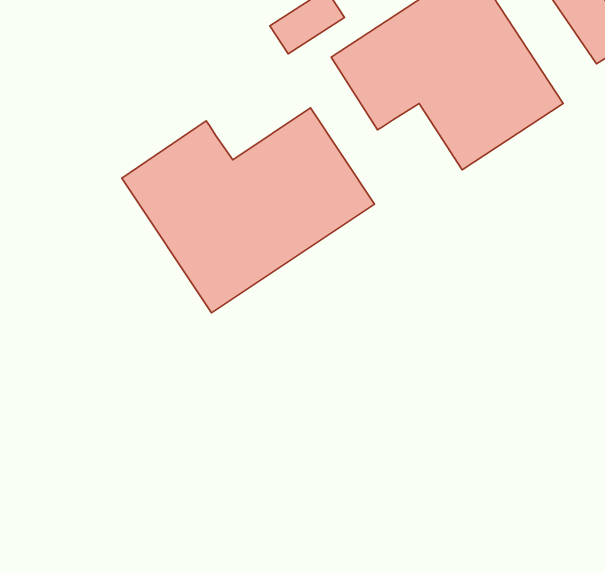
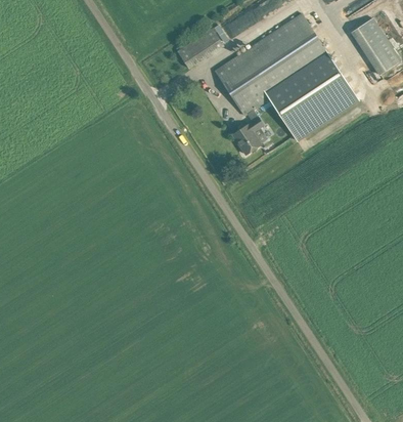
building: [122,108,375,313] -> none
building: none -> [232,110,266,155]

